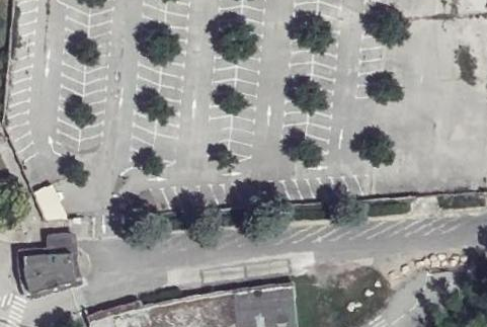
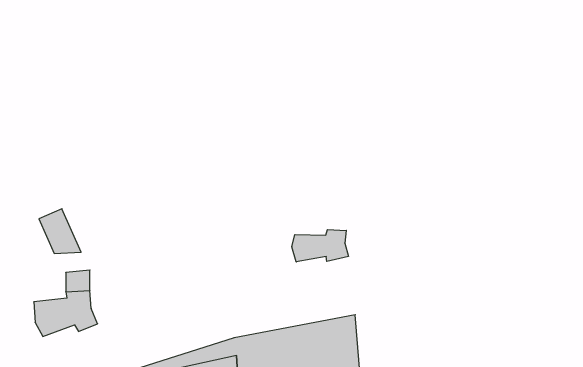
building: none -> [292,230,348,262]

